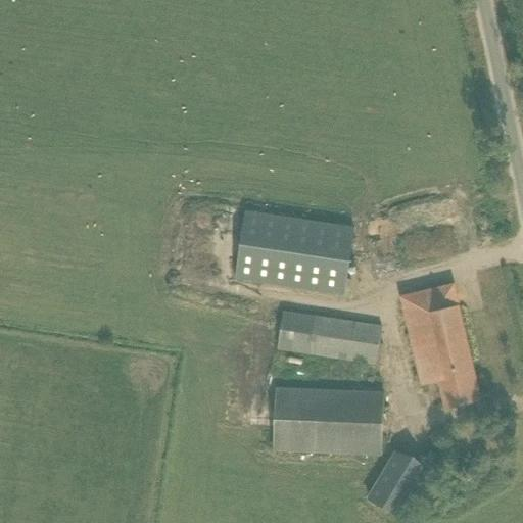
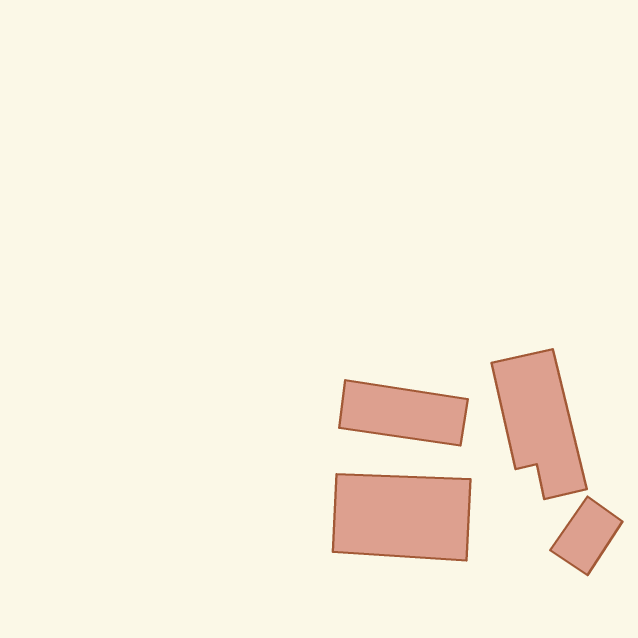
building: [234,209,354,297] -> none
building: [368,449,427,514] -> [550,496,623,575]

